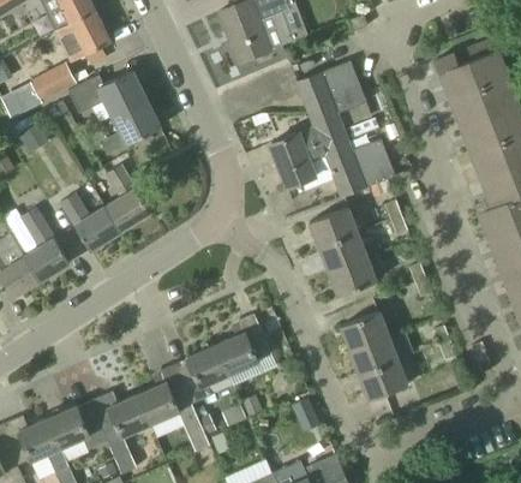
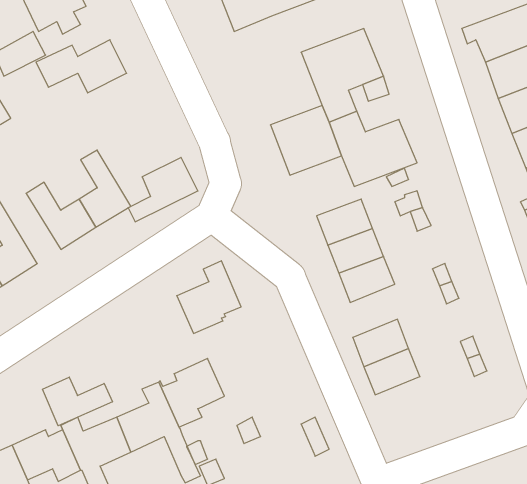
building: [100,100,160,155] -> [128,157,198,222]
building: [215,315,270,377] -> [177,261,241,333]
building: [359,360,407,400] -> none
building: none -> [43,377,112,426]

